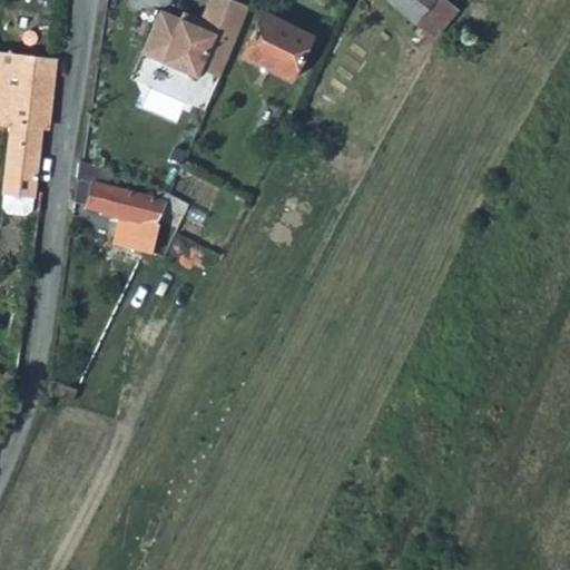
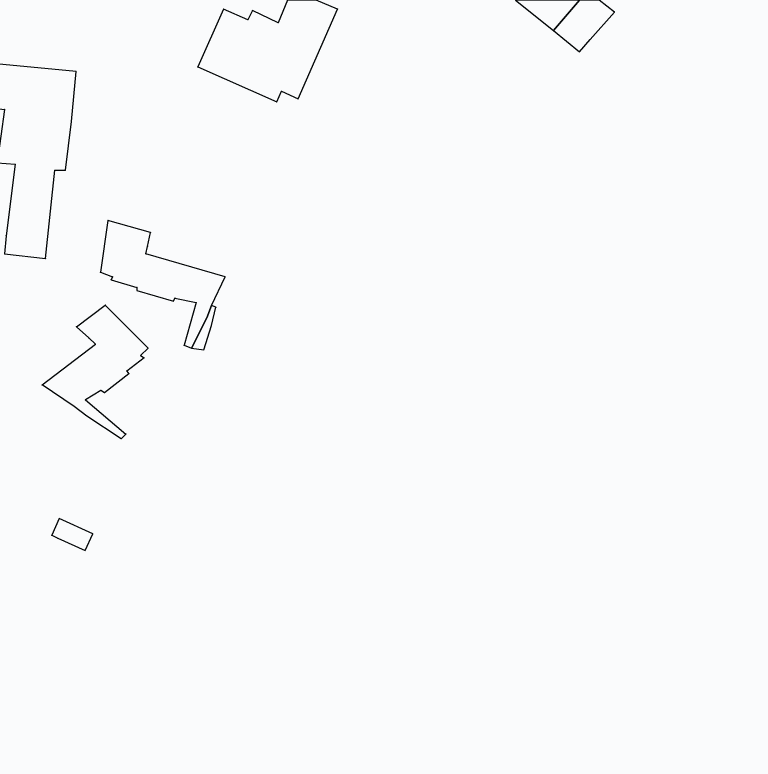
building: [246,13,315,80] -> none
building: none -> [42,305,148,439]

